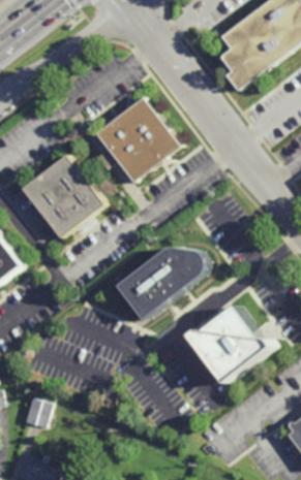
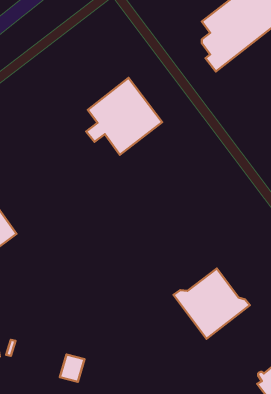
building: [24,156,106,238] -> none
building: [120,247,208,319] -> none
building: [24,395,51,425] -> [60,355,84,382]

